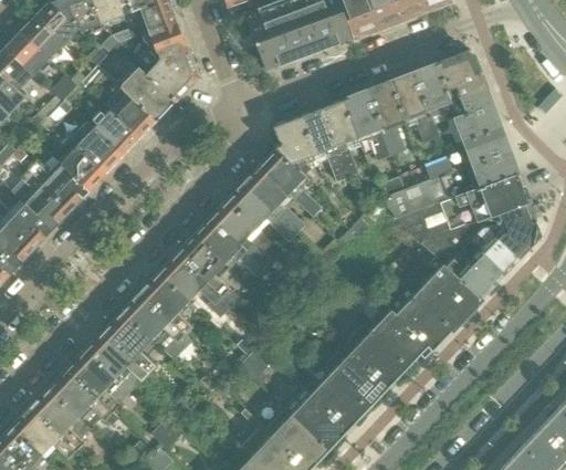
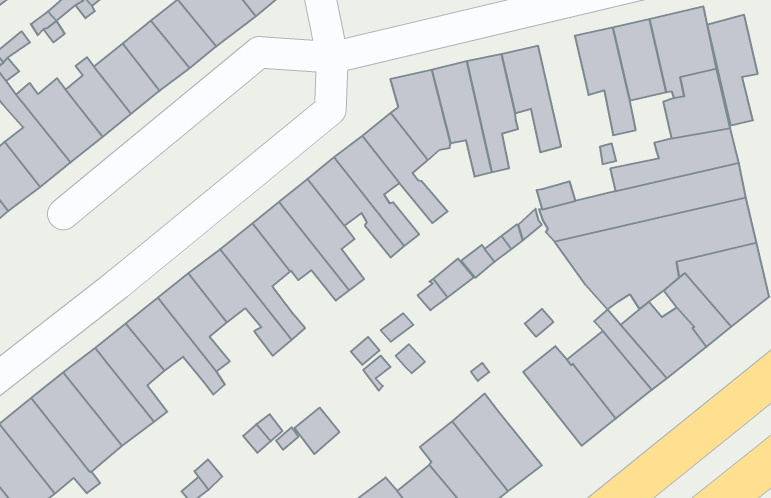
building: [366,81,405,155] -> [707,15,758,126]
building: [373,306,431,366] -> none

